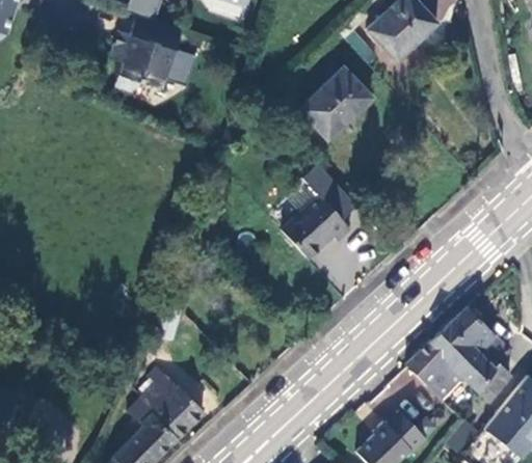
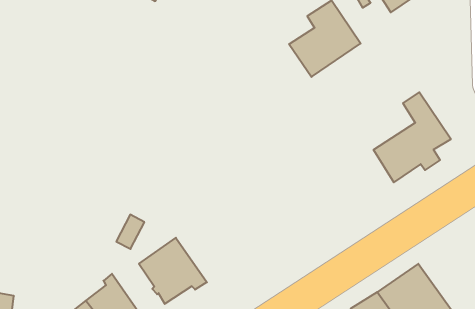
building: [283,164,358,258] -> [373,92,451,182]
building: none -> [139,238,207,304]

